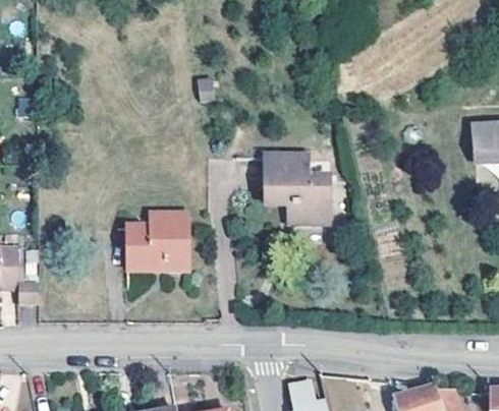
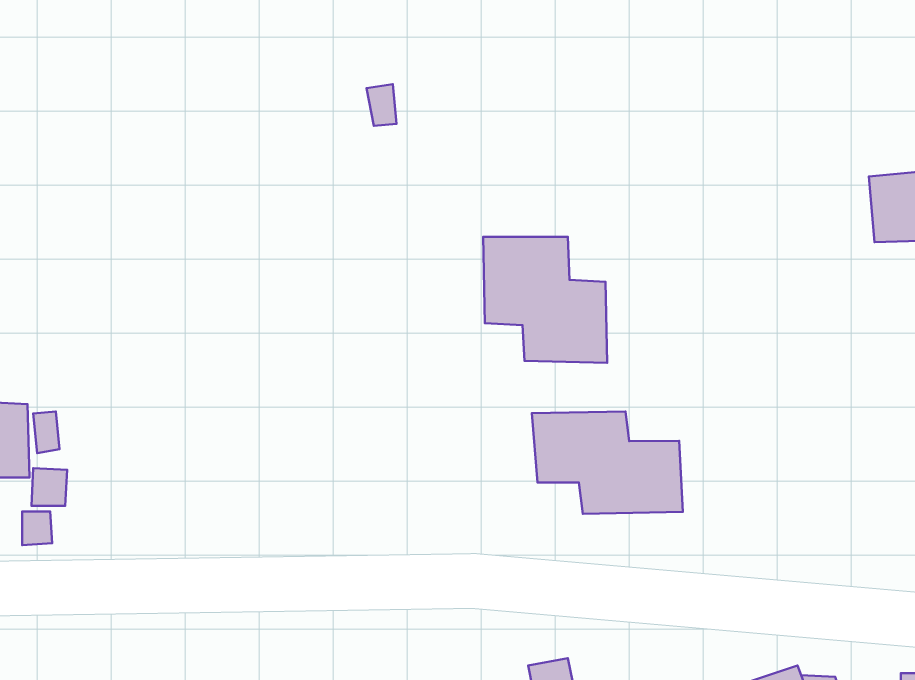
building: [129,212,190,269] -> none
building: none -> [532,411,683,514]

